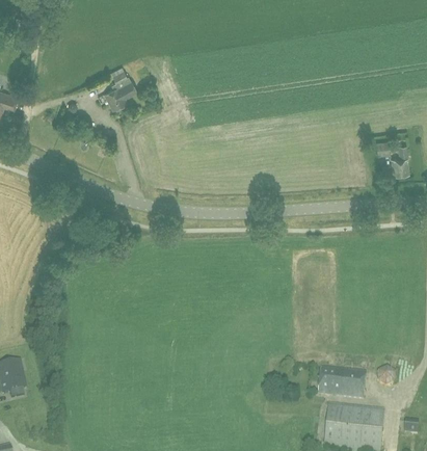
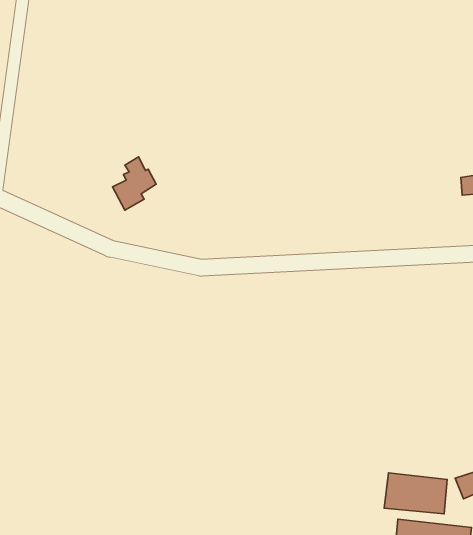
building: [104,70,137,110] -> [113,157,156,210]

